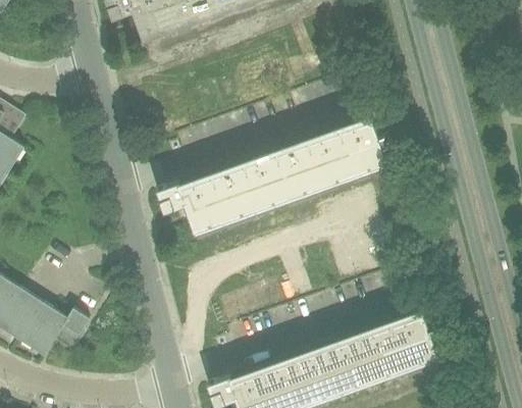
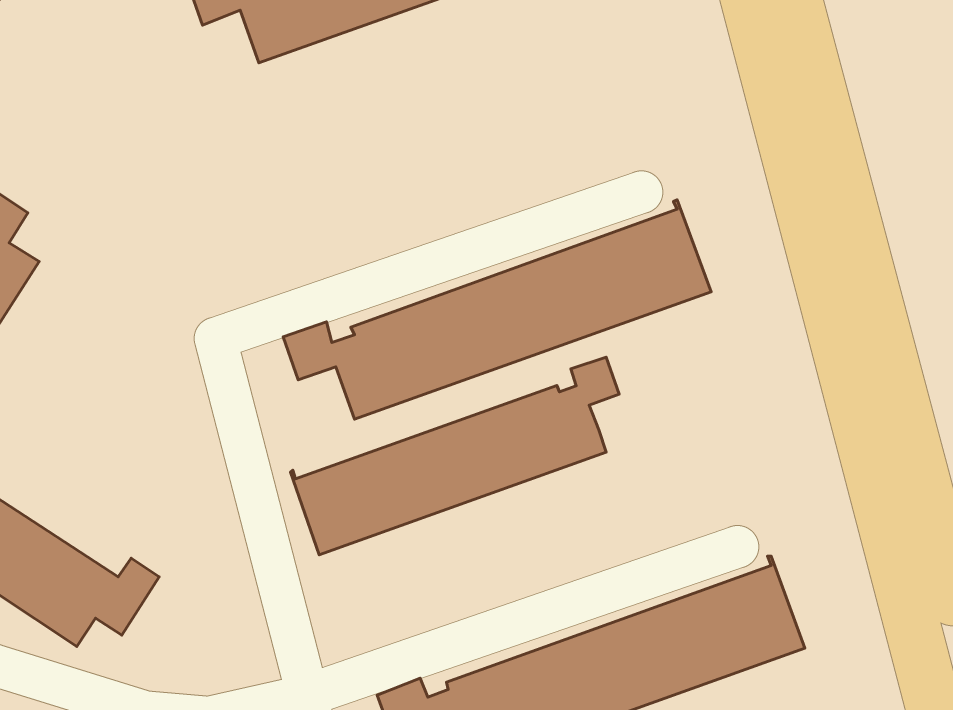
building: none -> [290,357,619,555]

